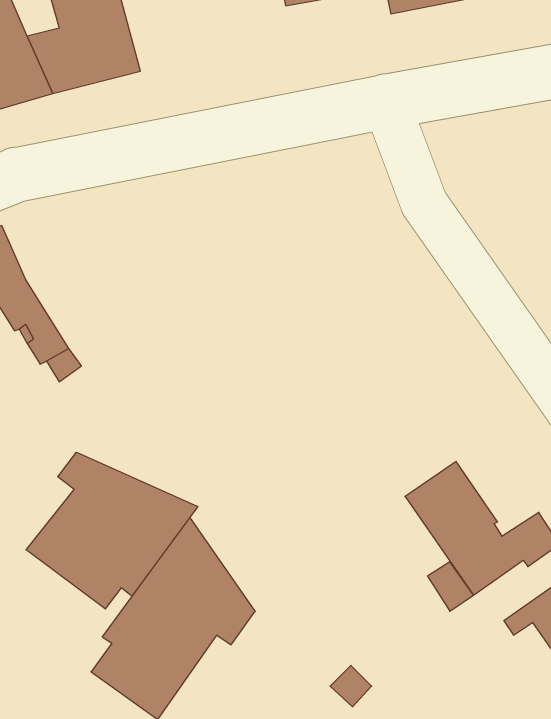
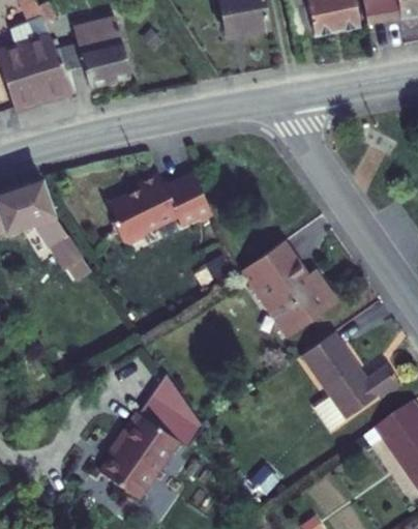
building: none -> [103,176,208,245]
building: none -> [238,244,335,336]
building: [26,452,198,609] -> none

